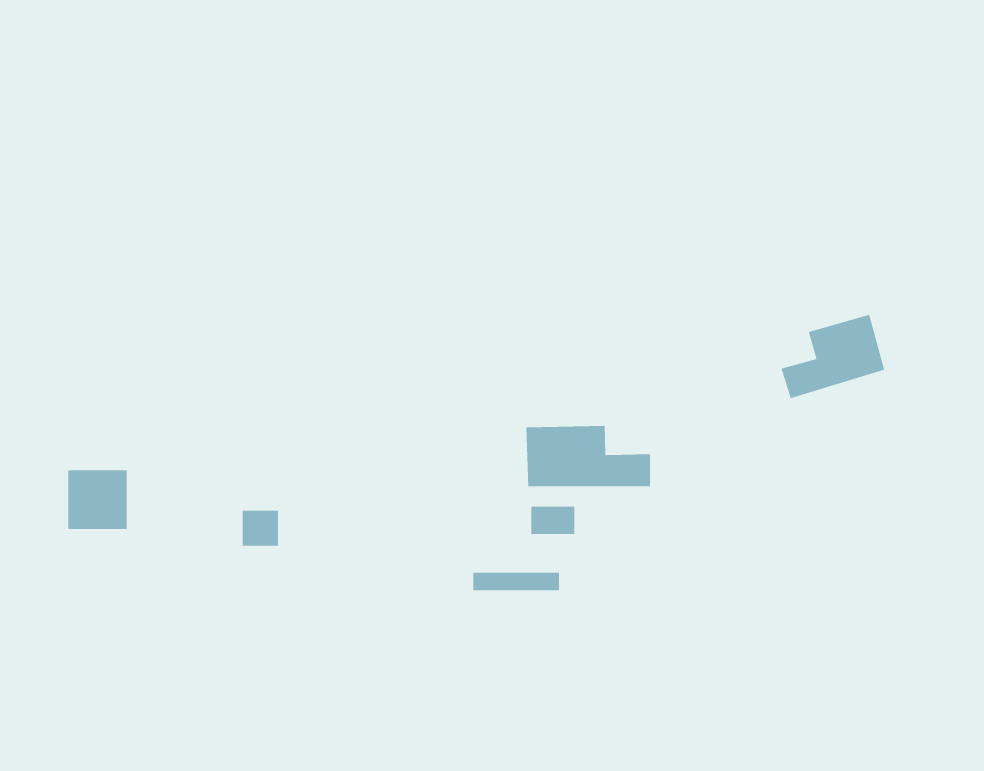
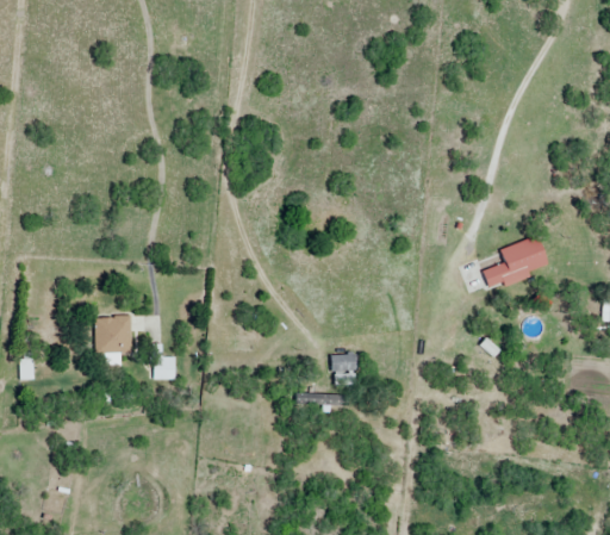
building: [526,425,651,487] -> none
building: [68,470,128,530] -> [95,317,132,354]

